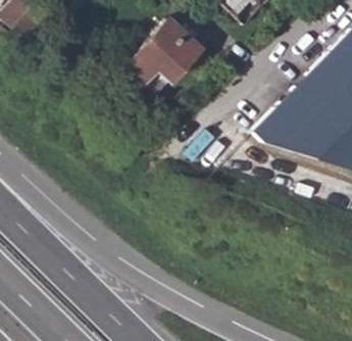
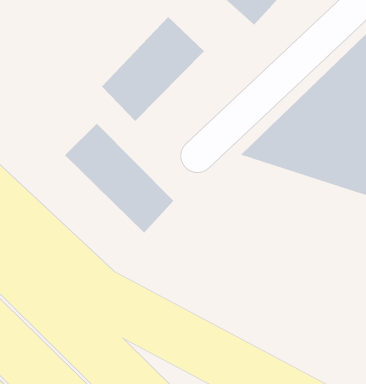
building: none -> [64,123,174,234]

